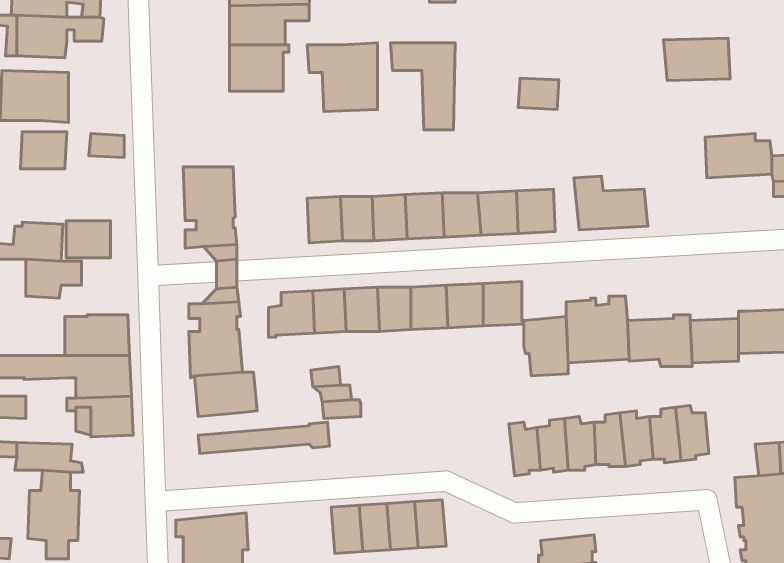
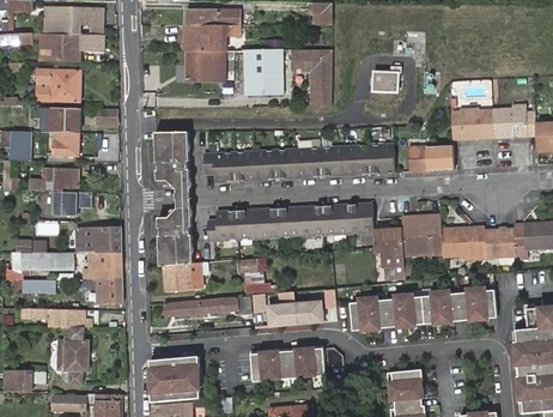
building: [664,38,730,81] -> [451,111,494,139]
building: none -> [203,151,237,181]
building: [66,221,111,258] -> [50,132,79,156]
building: none -> [348,297,370,332]
building: none -> [266,300,324,327]

